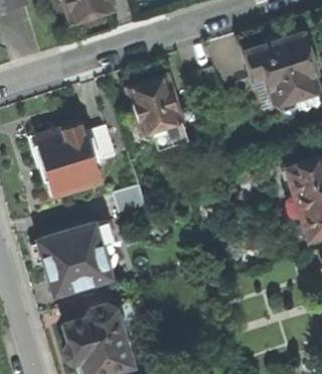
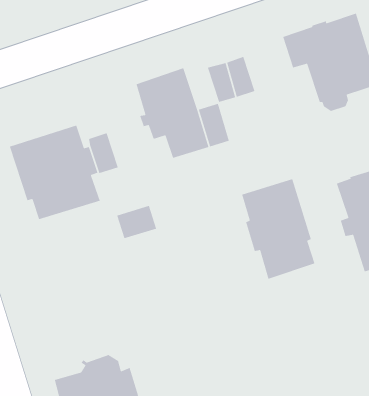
building: none -> [241,178,316,280]
building: [33,222,117,290] -> none

